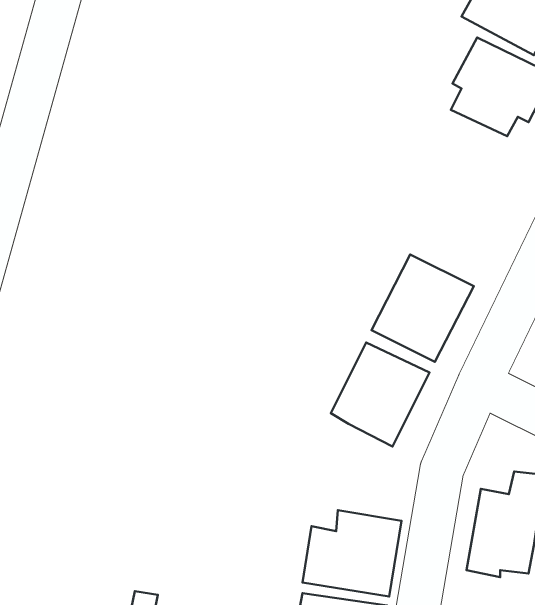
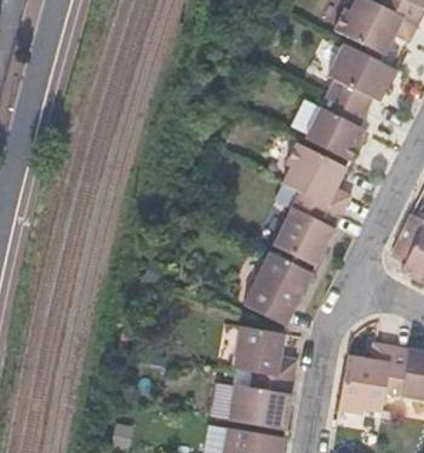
building: none -> [304,93,367,161]
building: none -> [282,143,351,214]
building: none -> [230,322,297,375]

